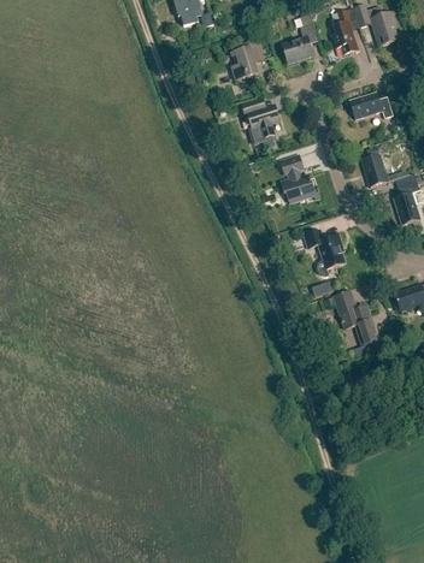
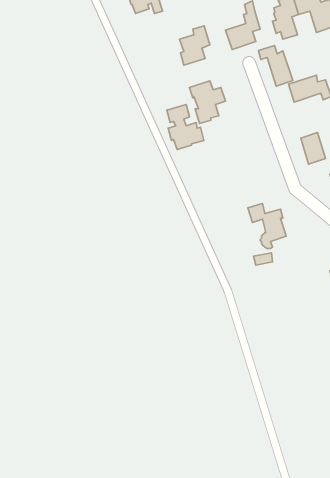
building: none -> [259,46,293,86]
building: [279,154,319,202] -> [167,105,204,150]
building: [324,289,381,345] -> none

